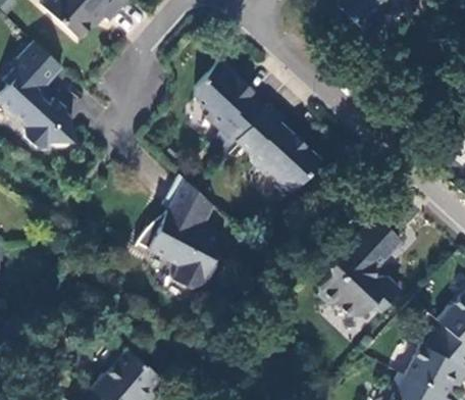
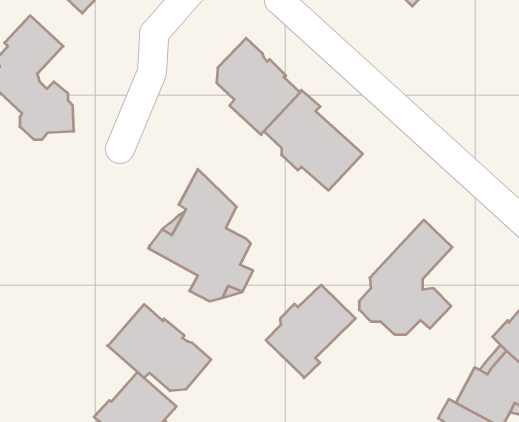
building: none -> [266,285,356,378]
building: none -> [107,304,211,391]

